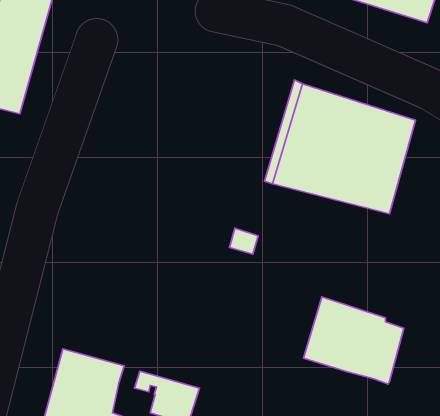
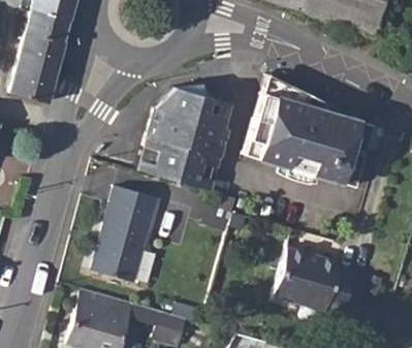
building: none -> [140,84,232,192]
building: none -> [92,188,157,282]

